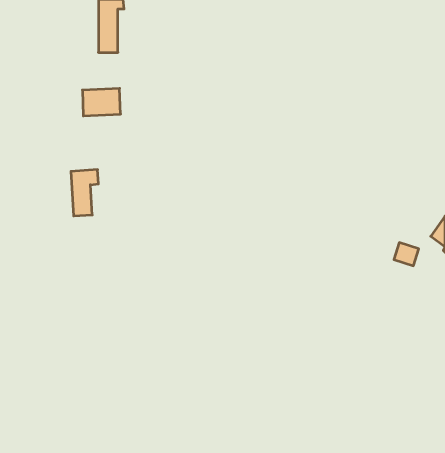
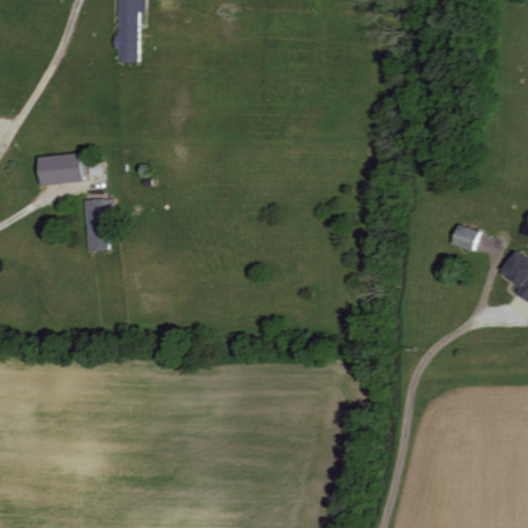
building: [82,88,121,116] -> [40,153,85,185]
building: [394,243,419,266] -> [452,224,481,251]

